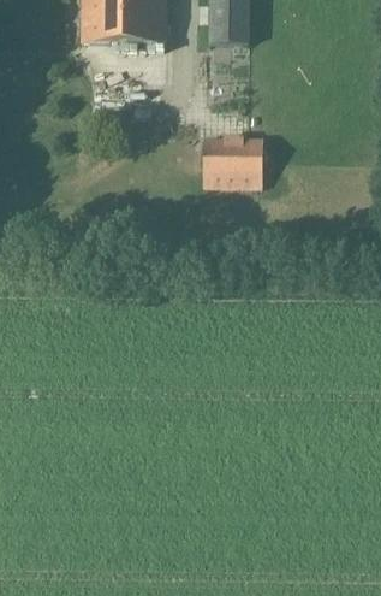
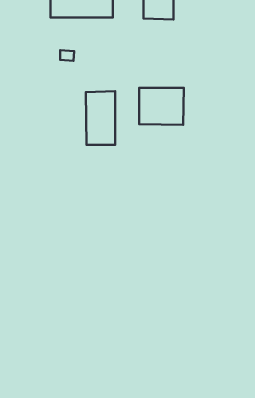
building: none -> [86,91,115,145]

